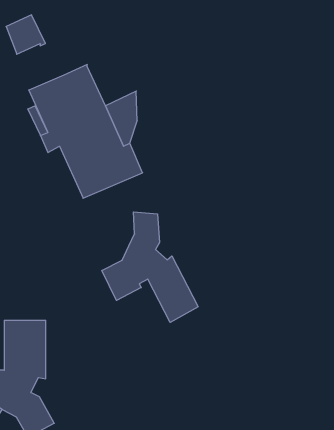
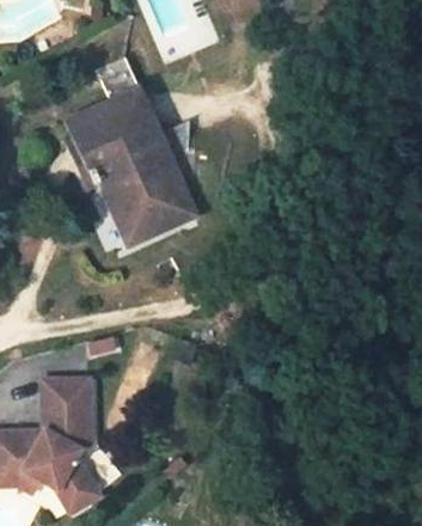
building: [6,15,45,54] -> [97,60,141,104]
building: [102,212,198,322] -> none

